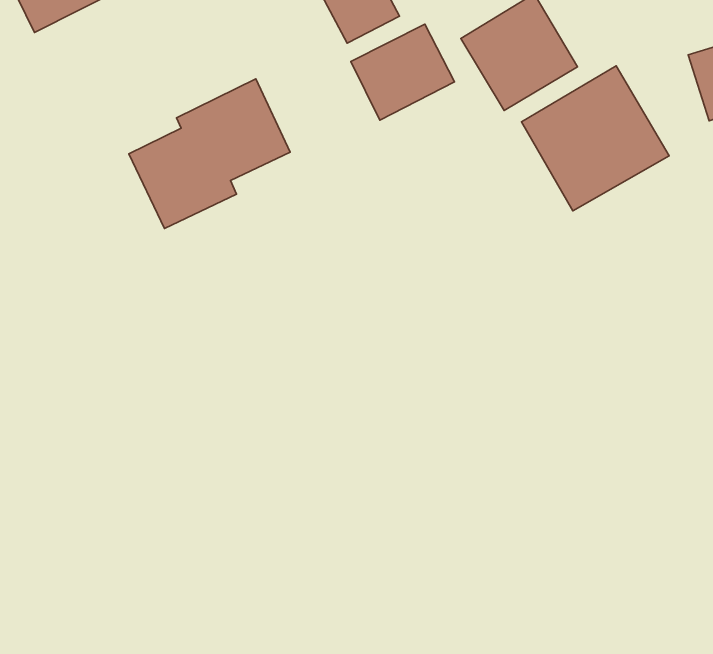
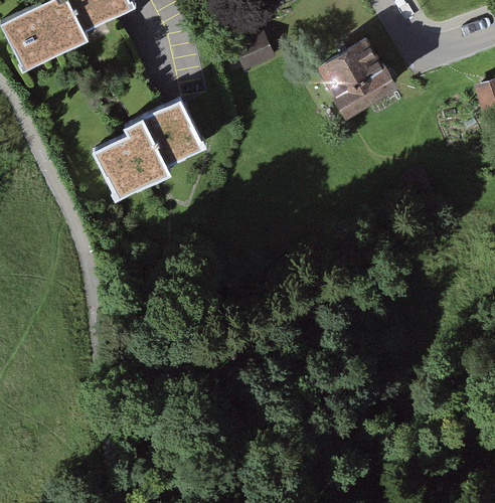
building: [351,24,454,120] -> none
building: [521,66,669,211] -> none

